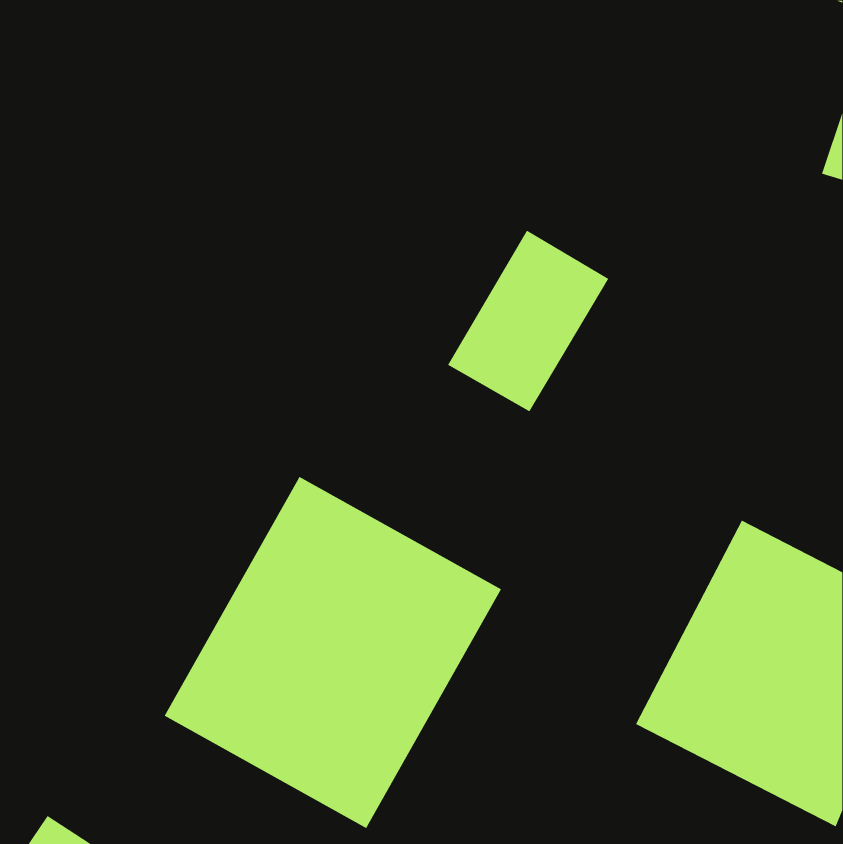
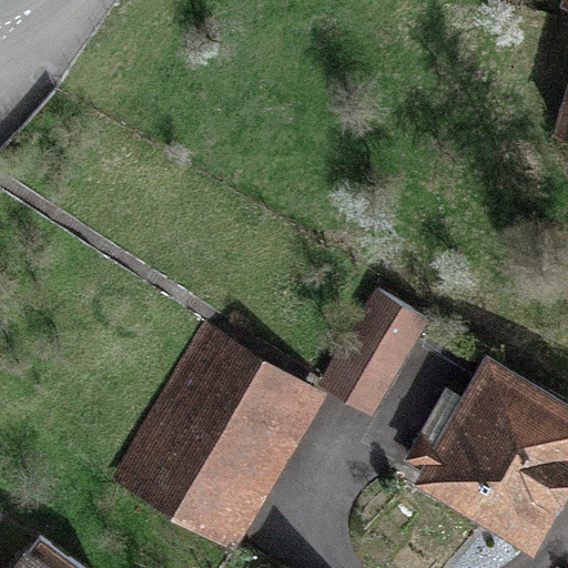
building: [447,230,609,412] -> [320,287,426,407]

